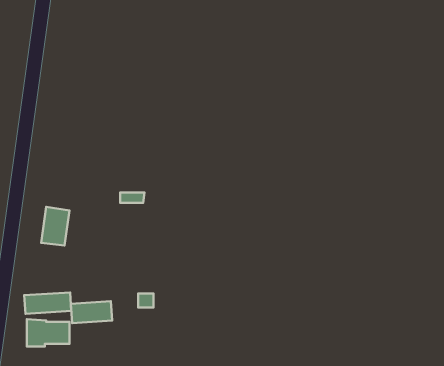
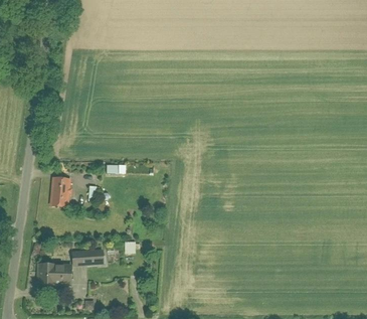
building: [24,292,71,314] -> none

